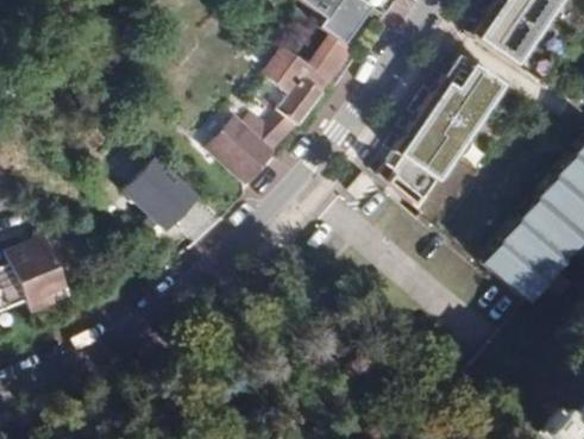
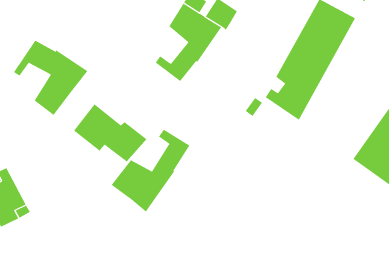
building: none -> [13,40,88,116]
building: [207,117,274,180] -> none
building: none -> [111,129,190,212]

